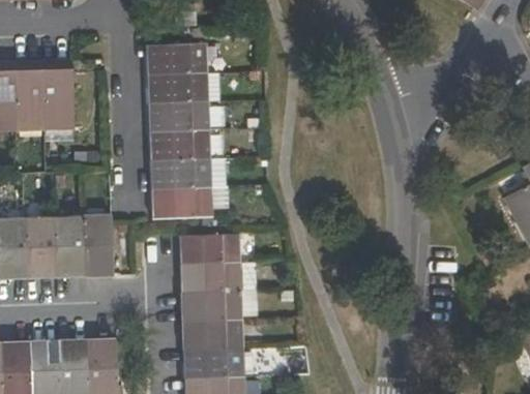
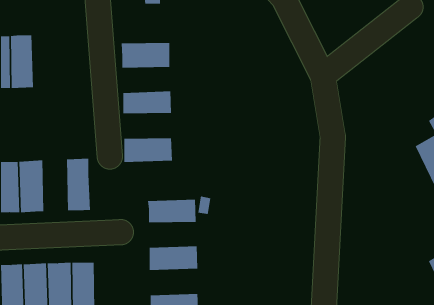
building: [148,44,208,73] -> none
building: [40,62,72,141] -> none
building: [149,102,209,133] -> none
building: [150,158,210,189] -> none
building: [54,214,83,278] -> none
building: [180,234,239,265] -> none
building: [181,291,241,322] -> none
building: [182,347,242,380] -> none

